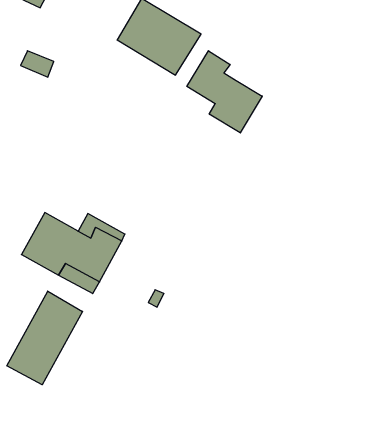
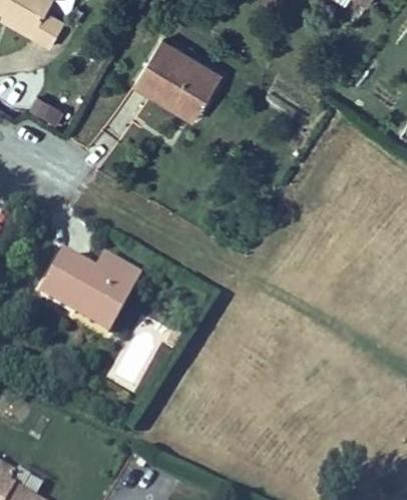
building: [187,51,262,133] -> none
building: [7,291,83,385] -> none

